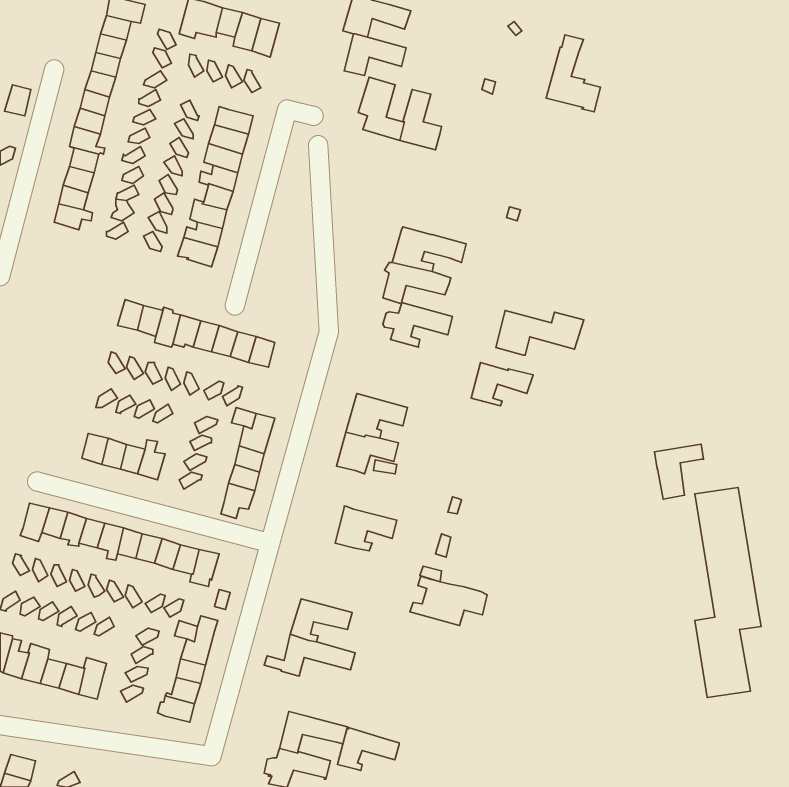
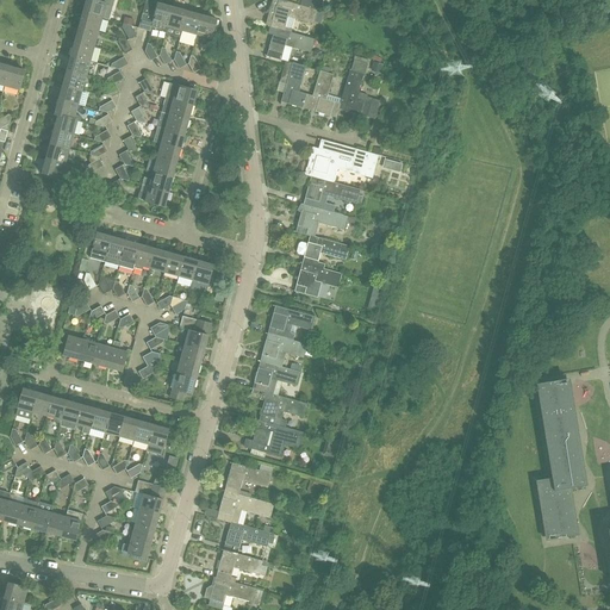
building: [546,35,600,112] -> [338,58,380,118]
building: [496,310,584,355] -> [311,147,379,181]
building: [471,363,533,406] -> [294,262,342,295]
building: [655,444,704,499] -> none
building: none -> [253,360,299,393]
building: [410,576,487,626] -> [243,417,303,455]
building: [338,727,399,771] -> [223,521,270,554]

